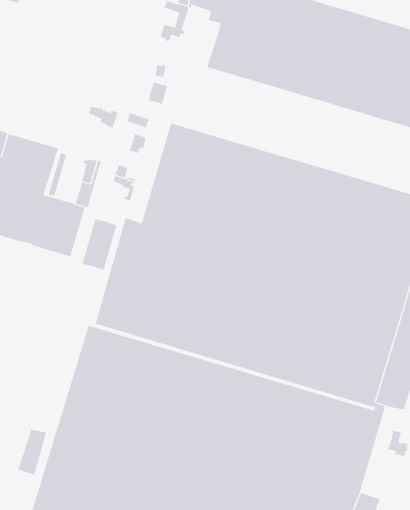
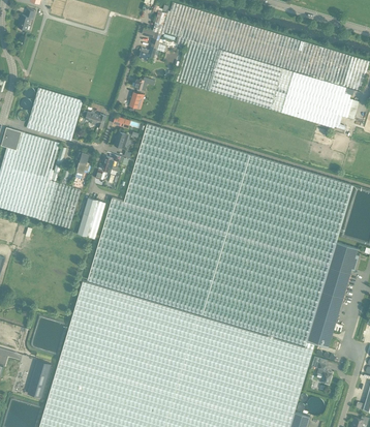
building: none -> [26,87,82,140]

